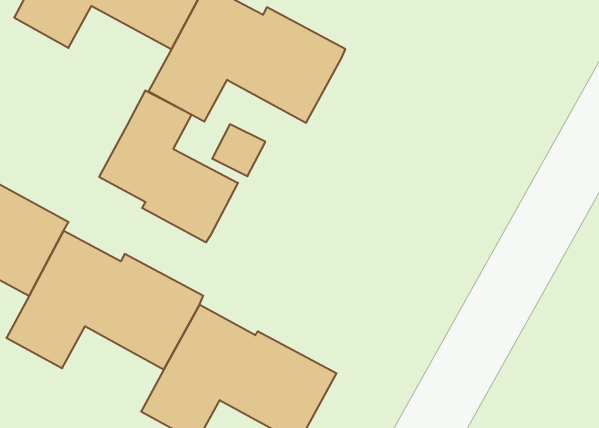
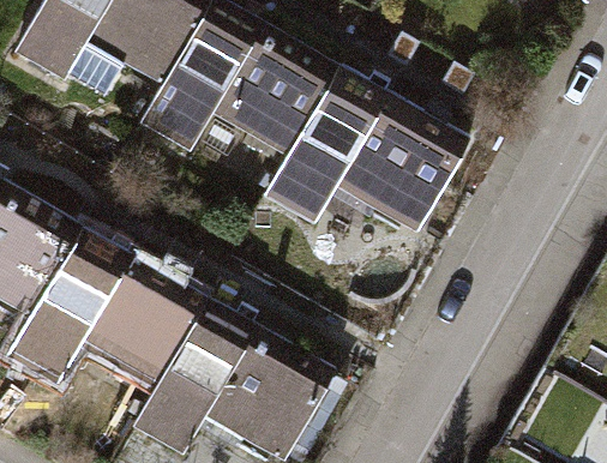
building: none -> [271,90,456,221]
building: [99,90,238,242] -> none

